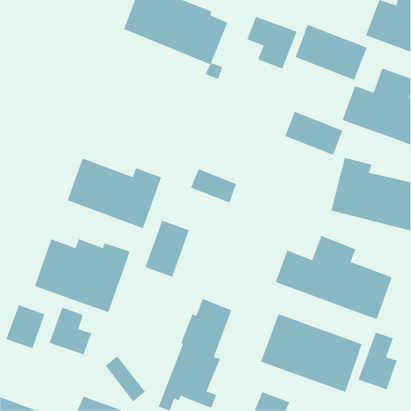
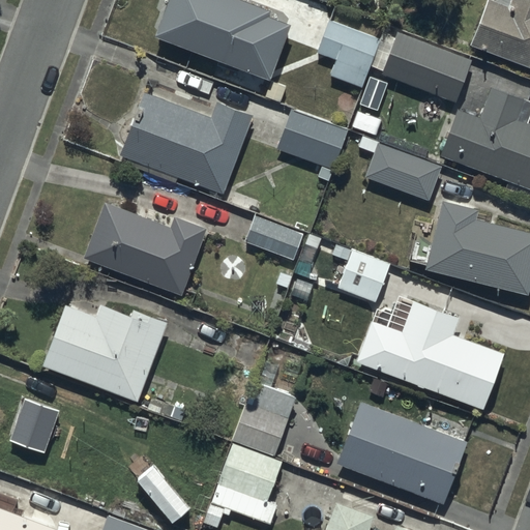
building: none -> [120,92,255,194]
building: none -> [276,110,348,170]
building: none -> [336,247,389,302]
building: [145,220,189,277] -> none
building: [49,307,92,355] -> none
building: [358,332,398,390] -> none

